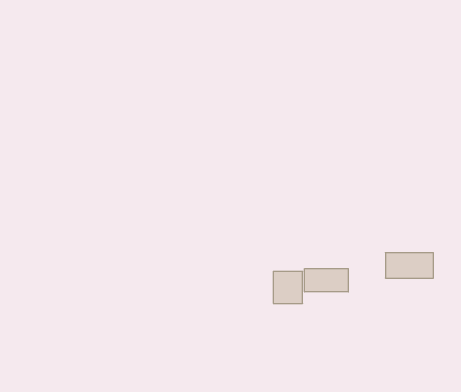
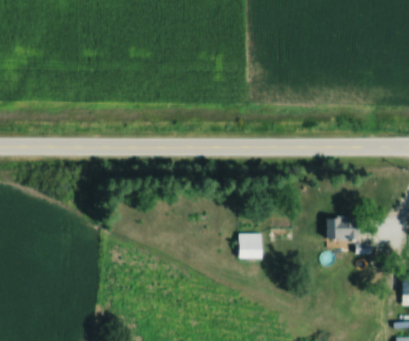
building: [305,269,348,292] -> none

